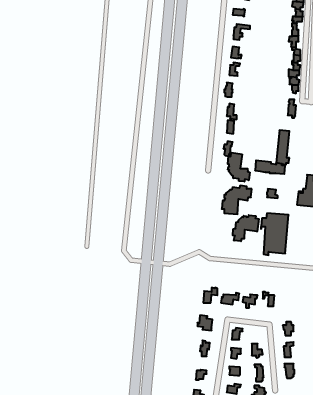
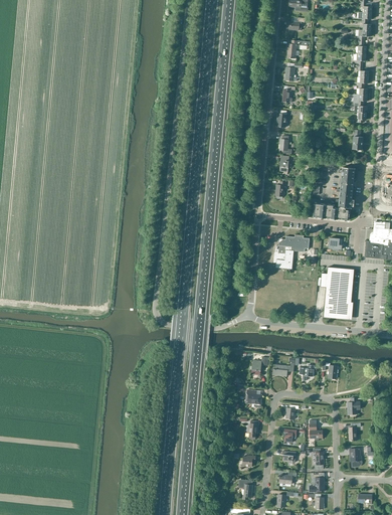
building: [228,153,250,182] -> none
building: [233,215,259,241] -> none

